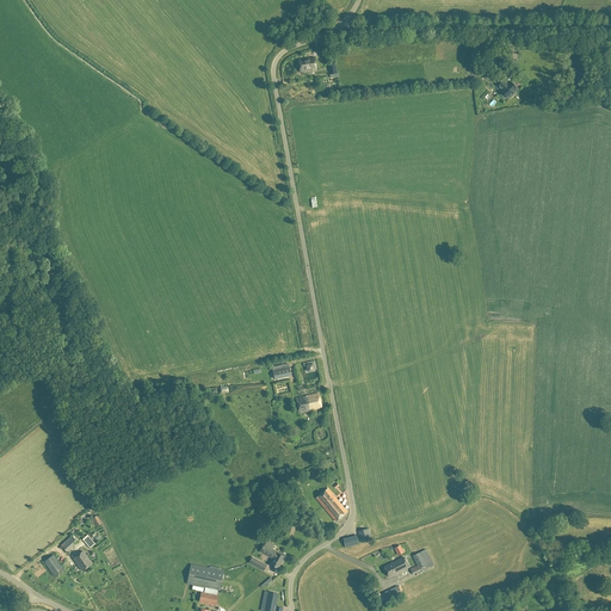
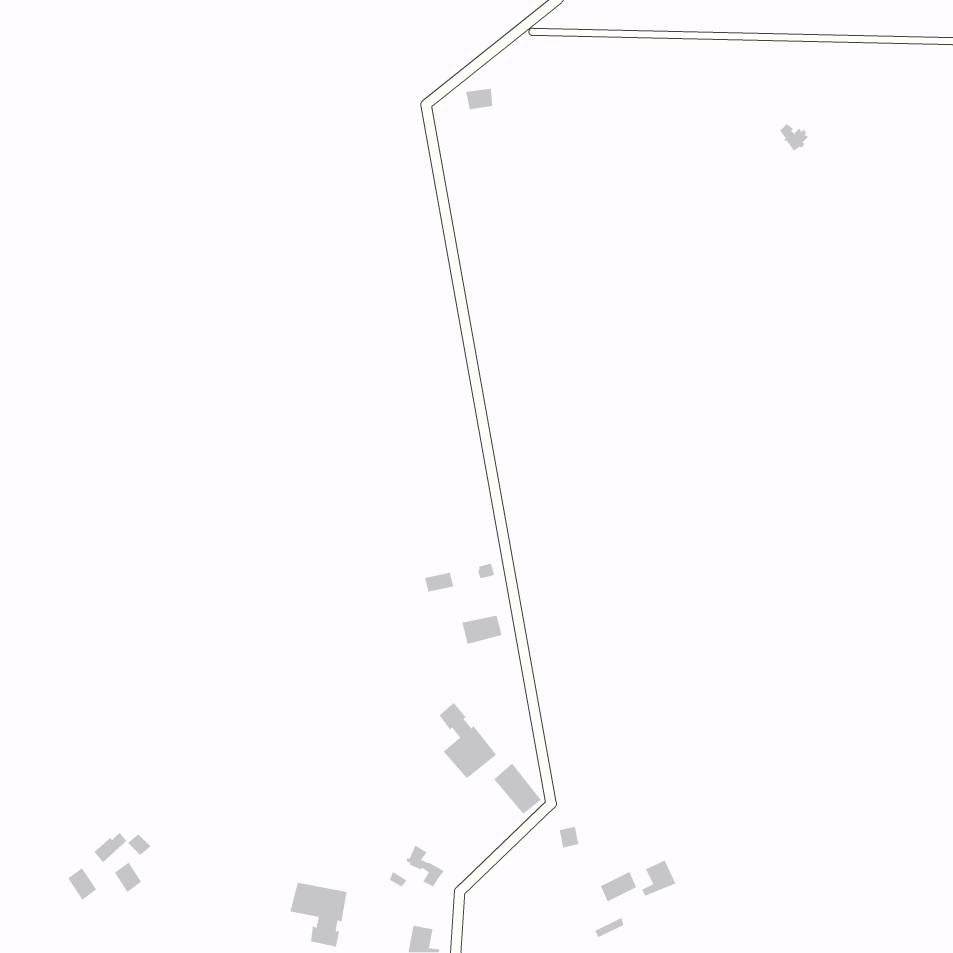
building: none -> [439,702,497,779]

